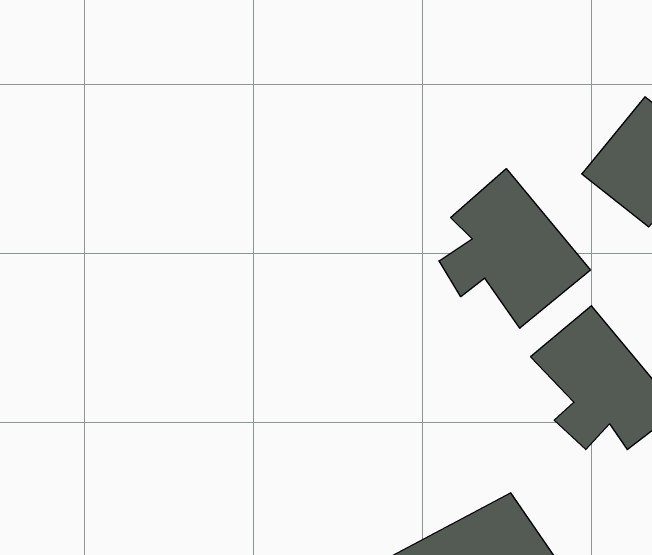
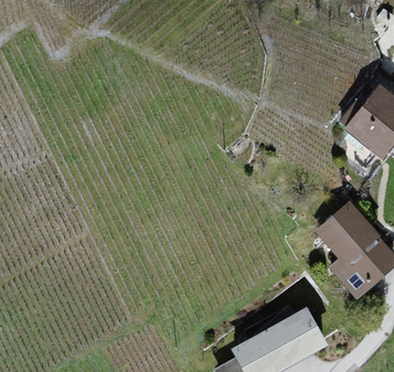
building: [439,169,590,328] -> none

